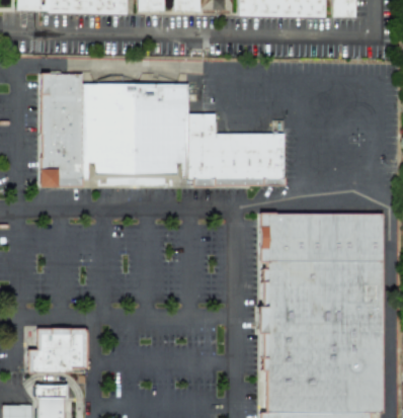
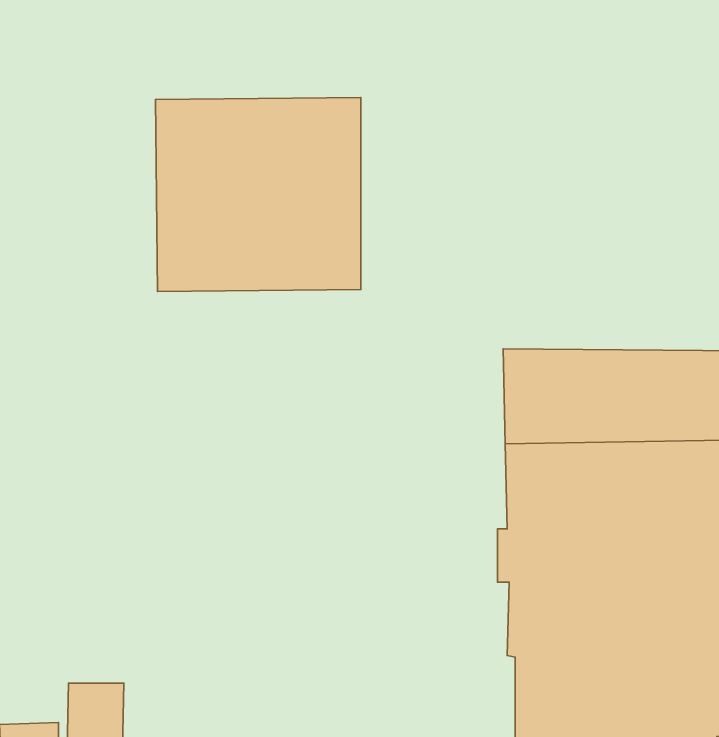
building: [41,74,83,185] -> none
building: [187,113,287,184] -> none
building: [27,327,88,373] -> none

